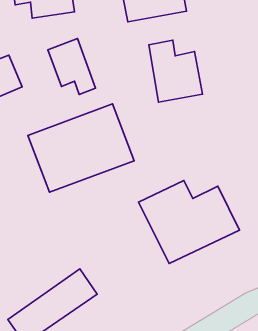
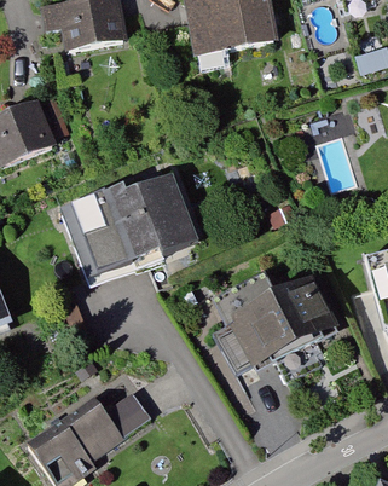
building: [48,39,96,95] -> none
building: [149,40,202,102] -> none

